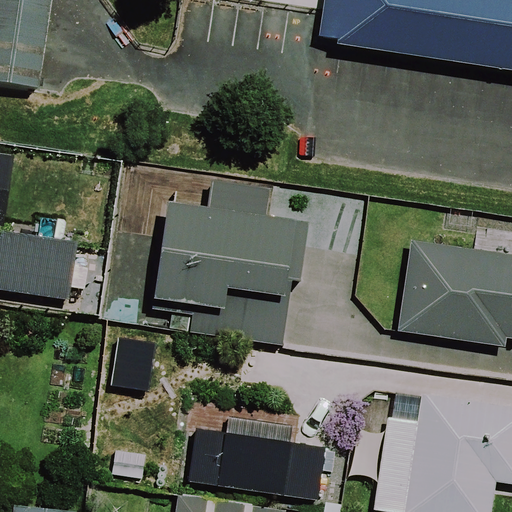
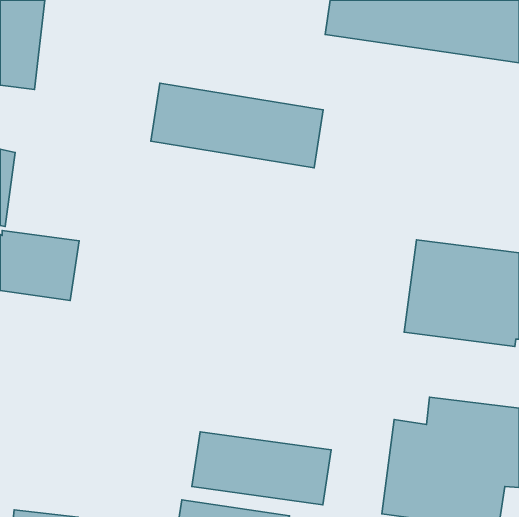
building: none -> [151,83,323,168]
building: [155,178,309,344] -> none

